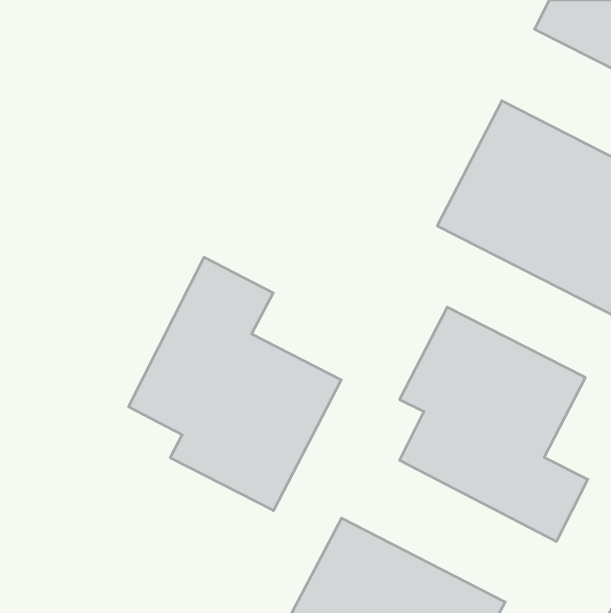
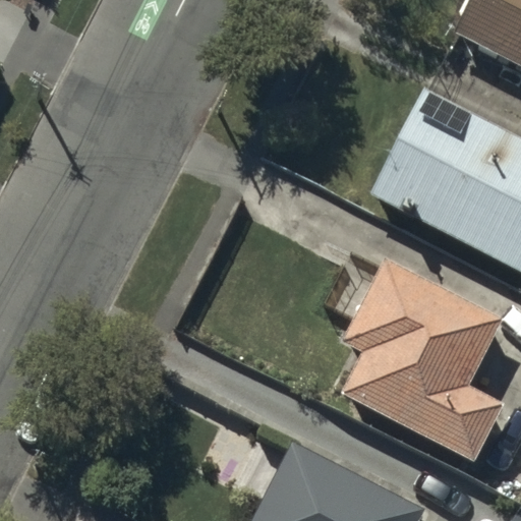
building: [129,257,341,511] -> none

